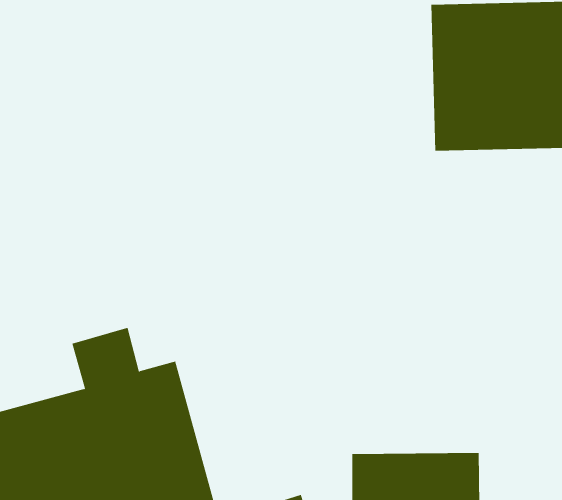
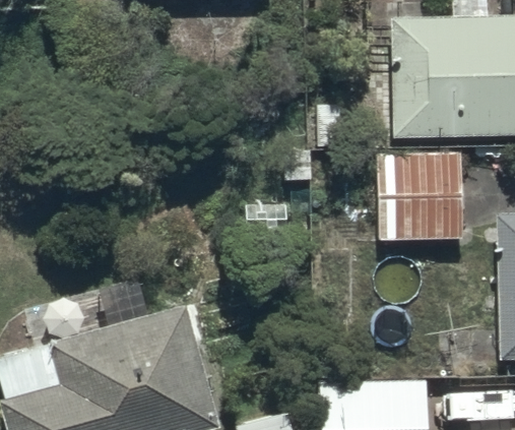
building: none -> [378,153,469,239]

